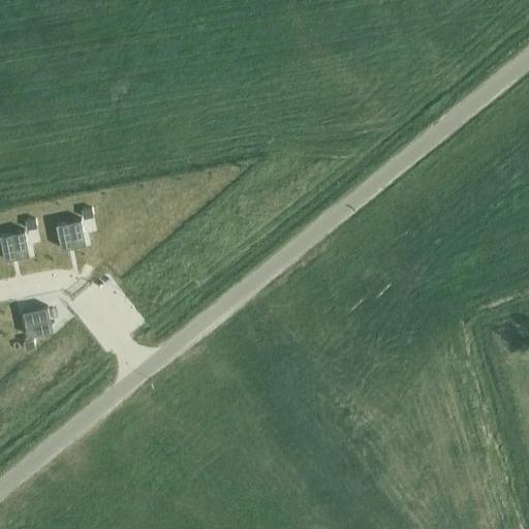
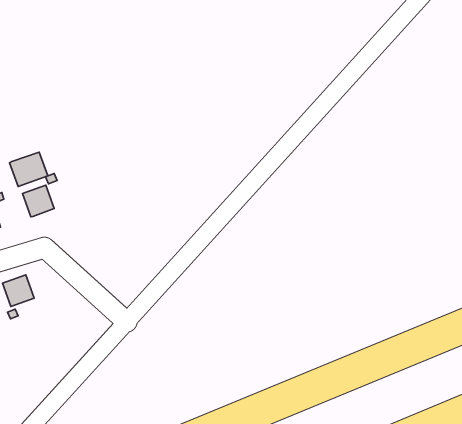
building: none -> [10,152,48,187]

